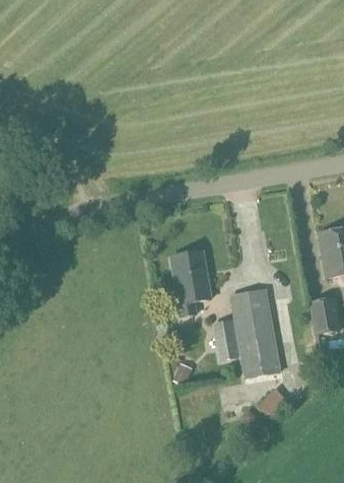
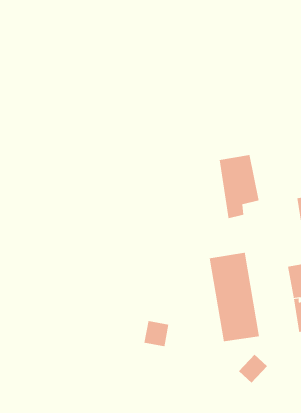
building: [170,252,211,316] -> [219,155,259,219]
building: [214,320,238,360] -> none

